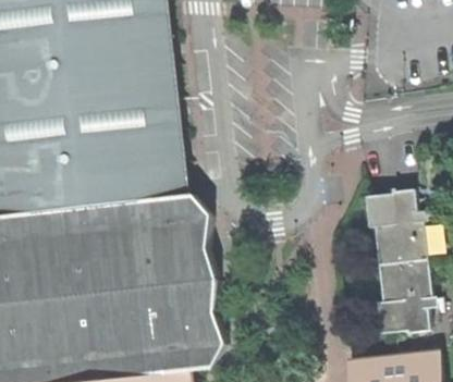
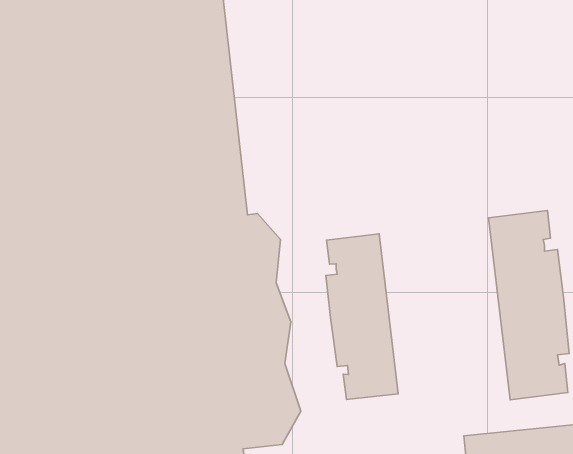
building: none -> [326,234,398,400]

